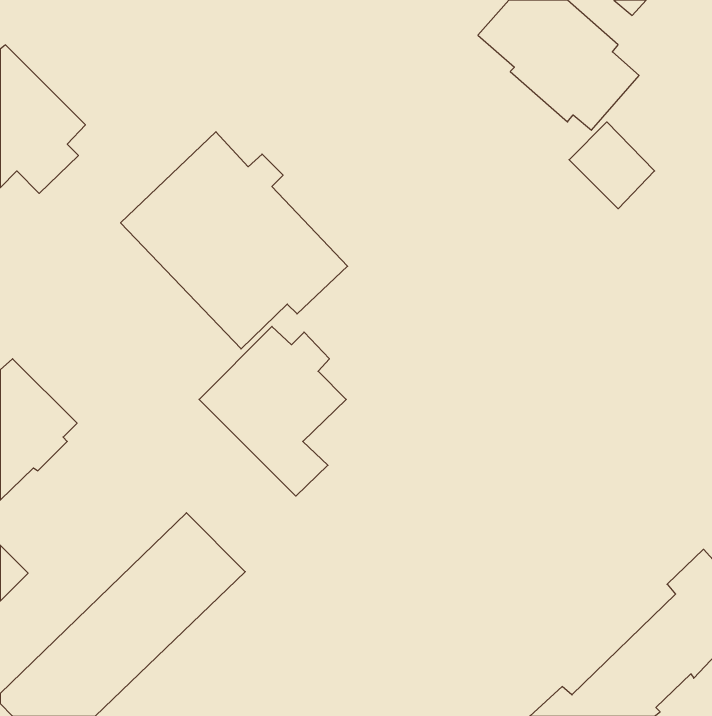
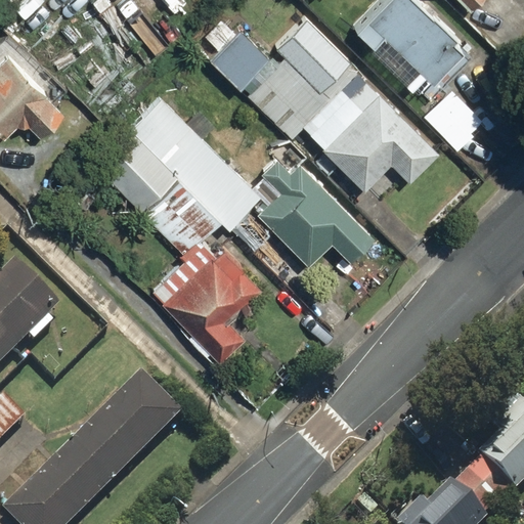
building: none -> [202,16,349,155]
building: none -> [315,80,436,194]
building: none -> [257,154,372,264]

